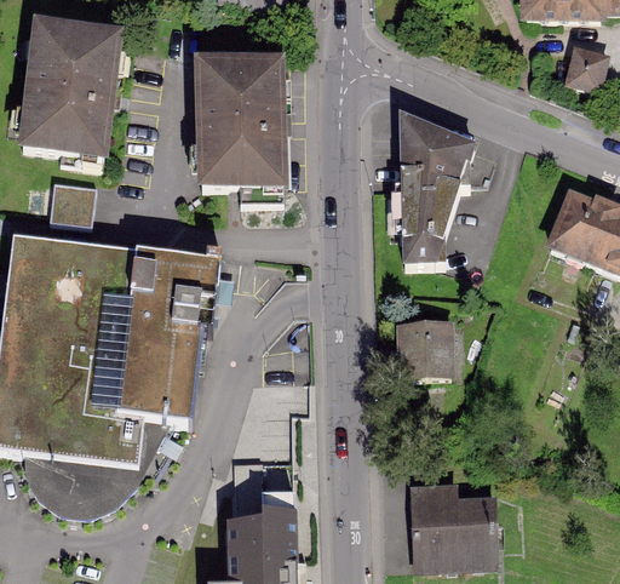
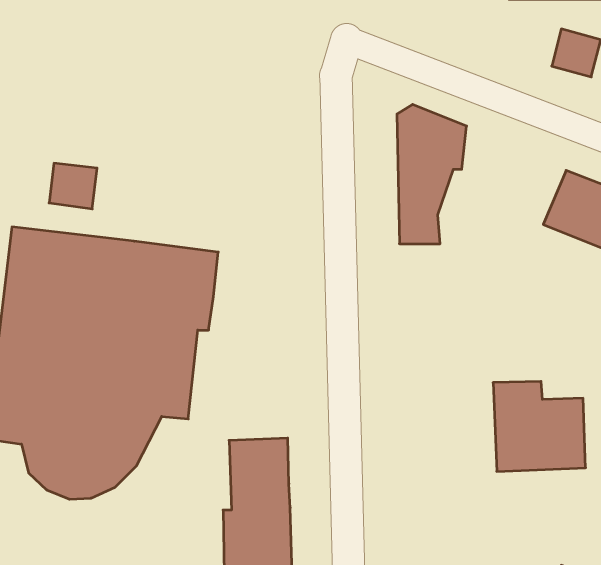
building: [24,22,116,160] -> none
building: [184,61,286,193] -> none
building: [400,320,449,372] -> none
building: [406,480,499,571] -> [493,381,586,471]

